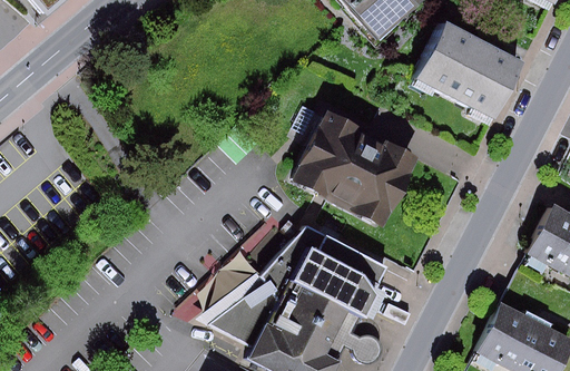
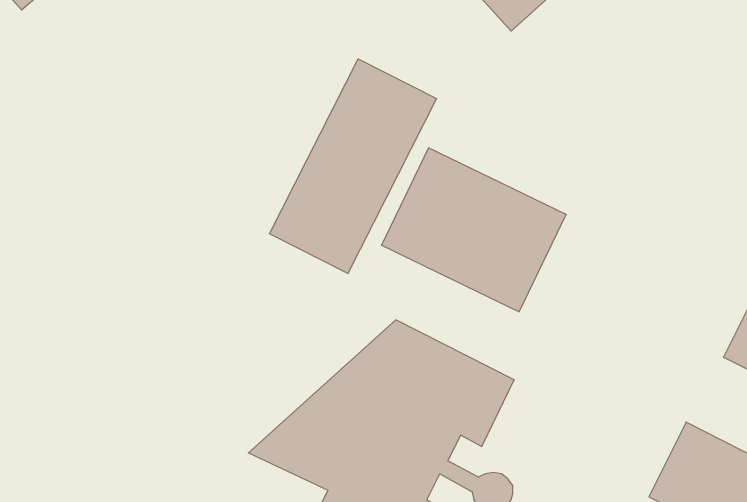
building: [414,21,522,118] -> none
building: none -> [269,59,437,274]

